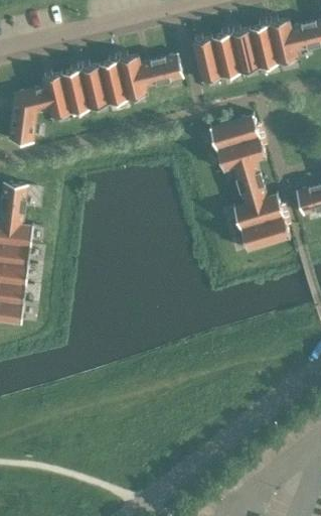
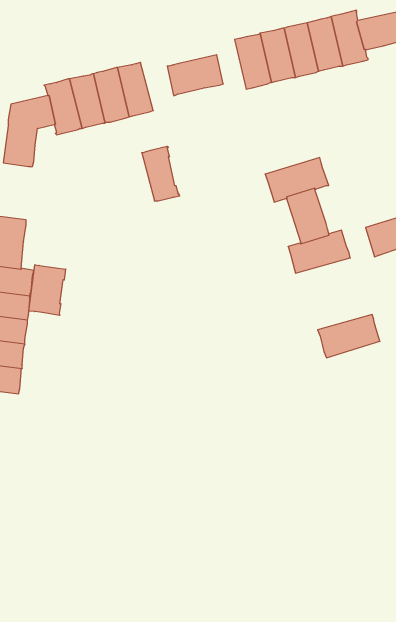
building: [117,57,147,101] -> [142,146,180,201]
building: [209,116,259,151] -> none
building: [239,218,289,252] -> [318,315,380,358]
building: none -> [29,265,66,315]

